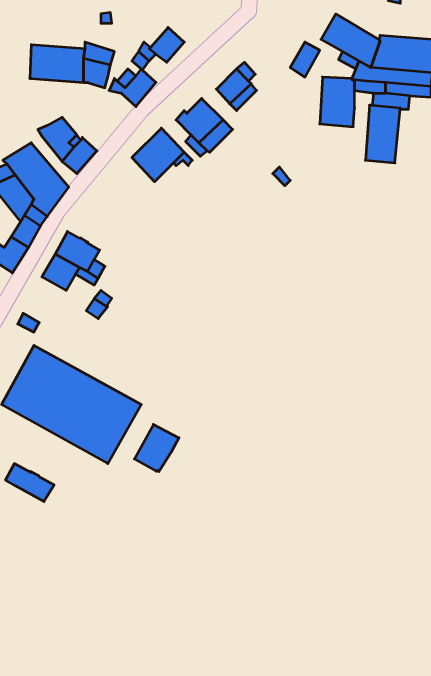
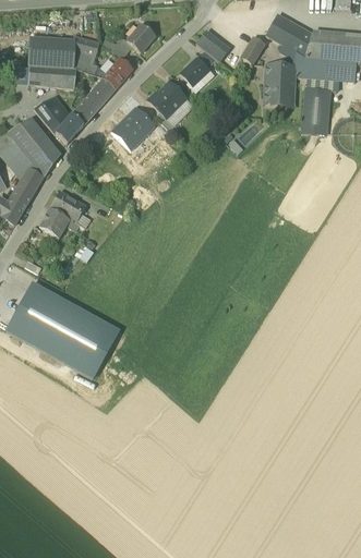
building: none -> [196,29,230,61]
building: none -> [28,64,76,88]
building: none -> [72,76,116,123]
building: [134,424,179,472] -> none
building: [6,464,54,502] -> none

